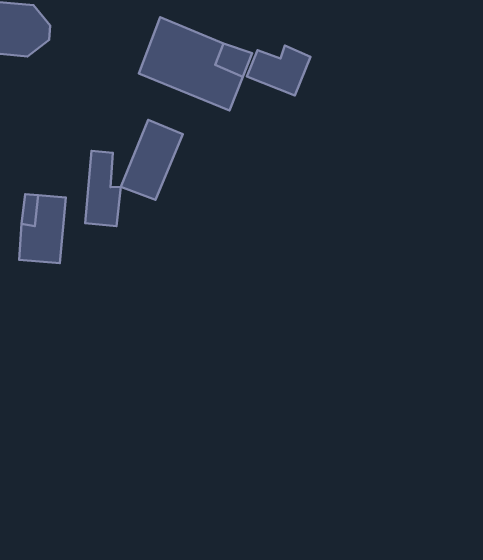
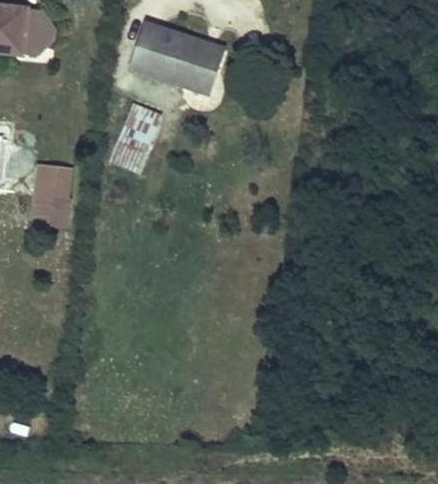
building: [247,46,310,96] -> none
building: [85,151,121,226] -> none

